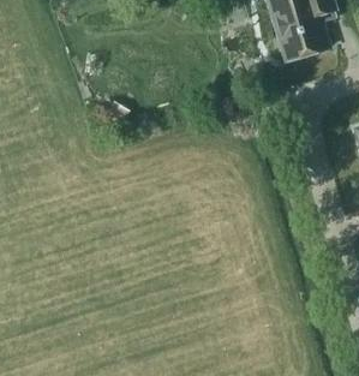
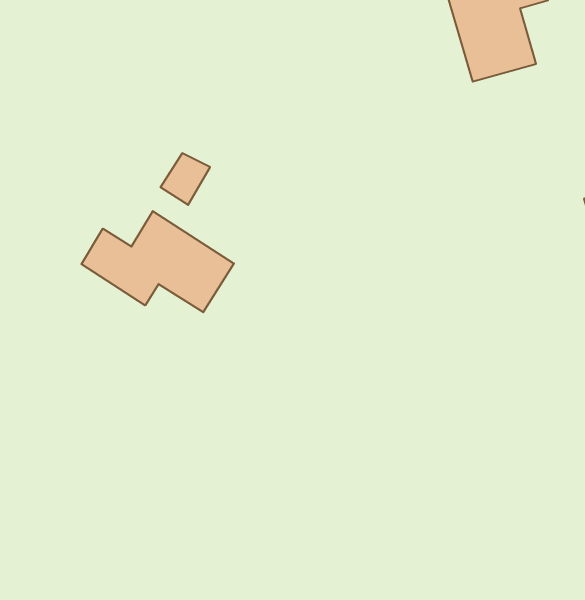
building: none -> [81,211,234,312]

